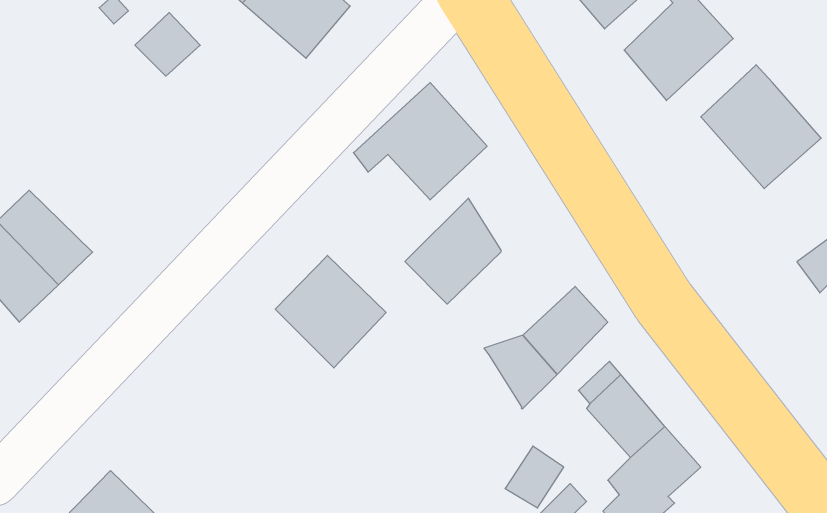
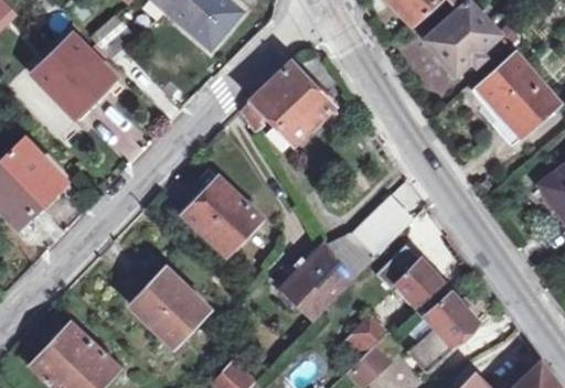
building: none -> [34,34,118,119]
building: [405,198,501,304] -> [288,247,353,319]
building: none -> [136,272,209,345]

